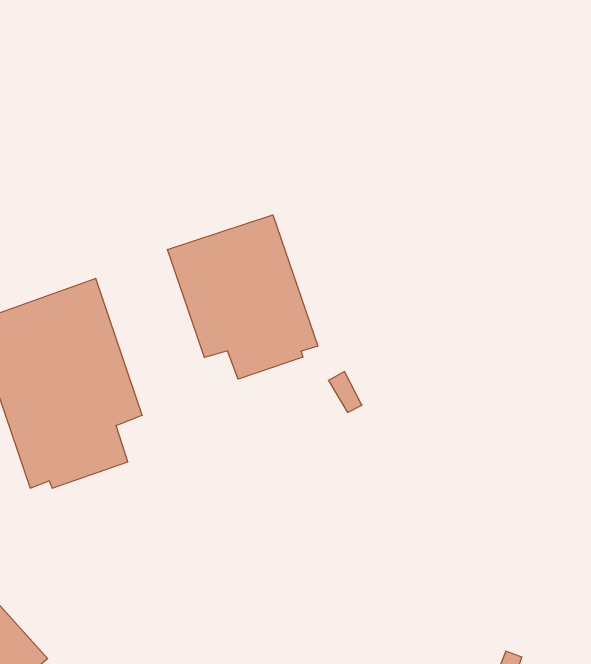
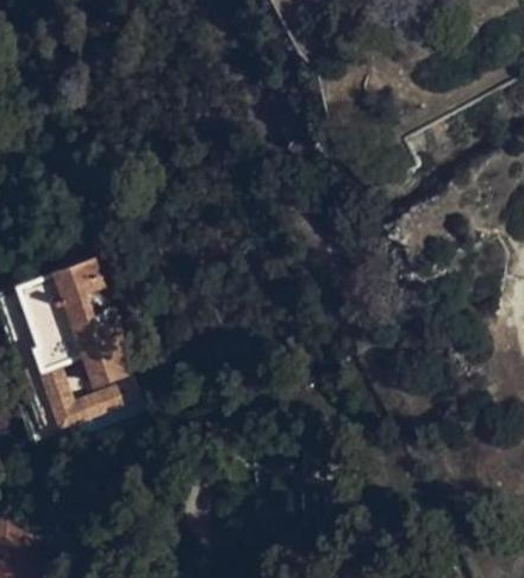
building: [167,215,318,379] -> none

